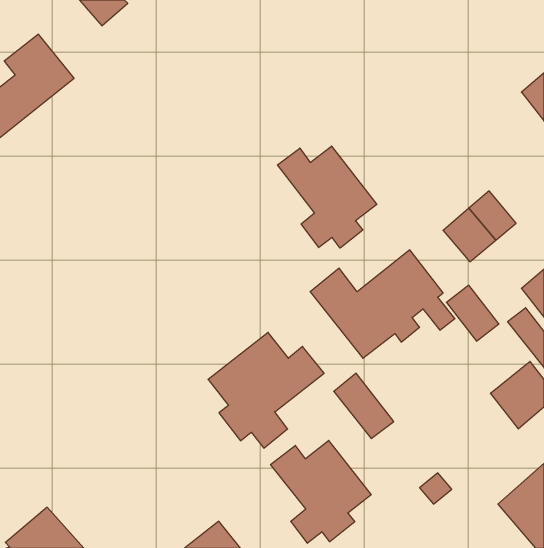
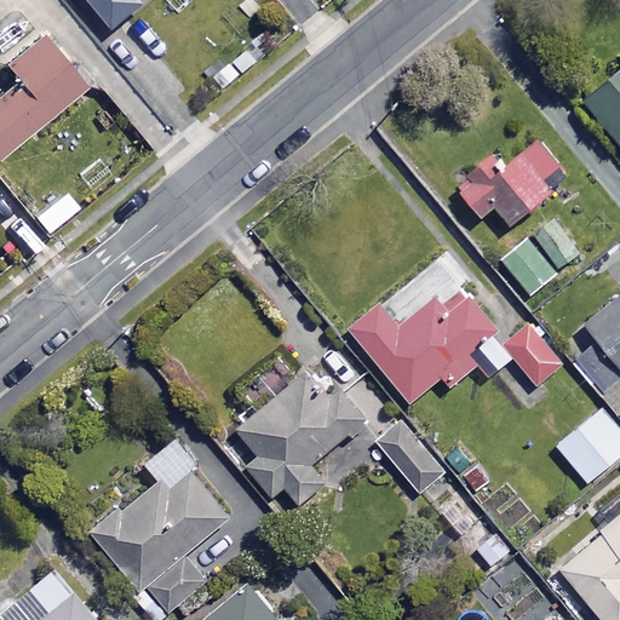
building: none -> [455,140,570,228]
building: [277,146,377,248] -> none
building: none -> [96,443,229,613]
building: [271,440,371,543] -> none

